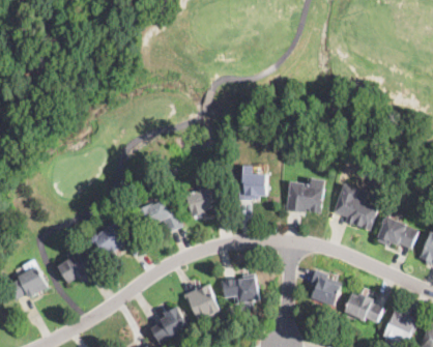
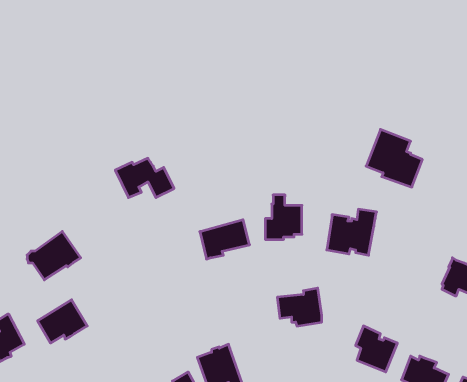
building: [333,183,377,229] -> [366,129,422,187]
building: [137,201,183,232] -> [115,158,174,198]
building: [92,219,135,257] -> [27,231,81,280]
building: [222,273,257,303] -> [277,288,322,326]

